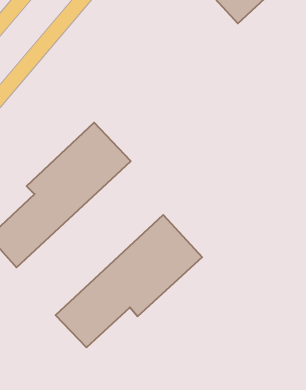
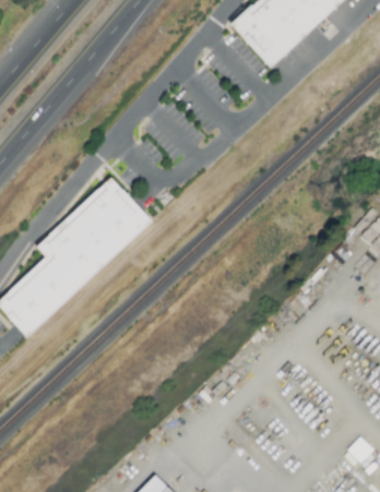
building: [56,215,202,347] -> none

